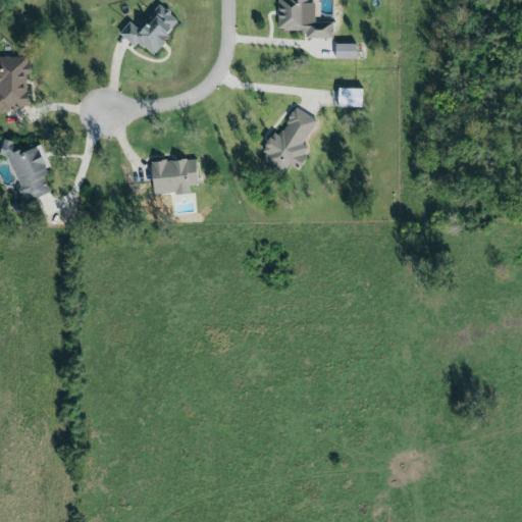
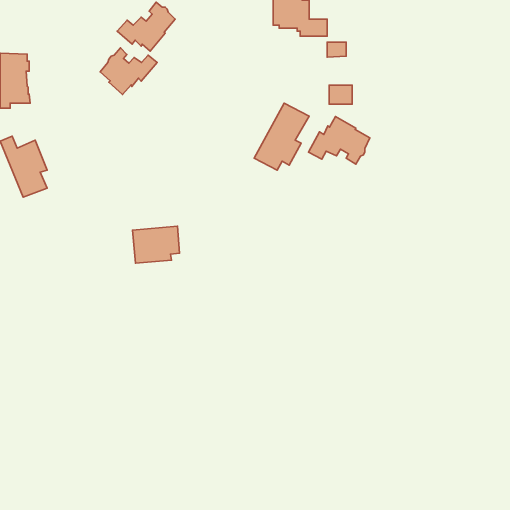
building: none -> [100,48,157,95]
building: none -> [308,116,370,164]
building: [149,157,197,195] -> [132,226,179,263]

